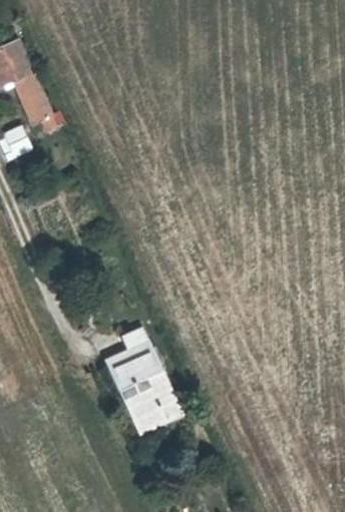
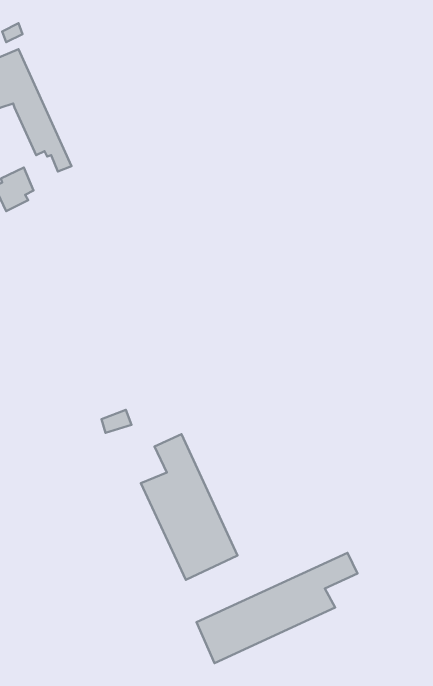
building: none -> [196,553,357,663]

